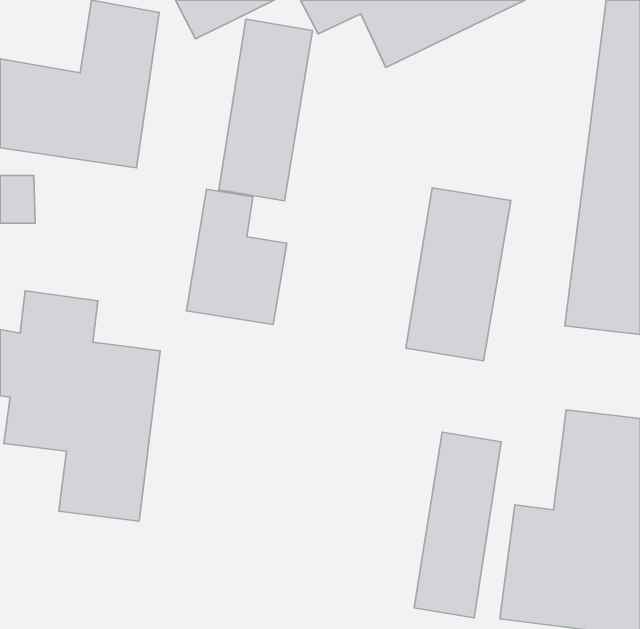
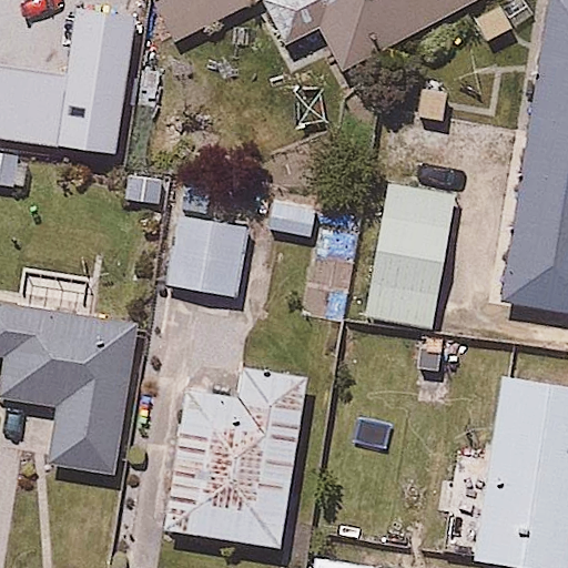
building: [219,19,312,201] -> none
building: none -> [166,363,314,548]
building: [414,432,501,618] -> none

